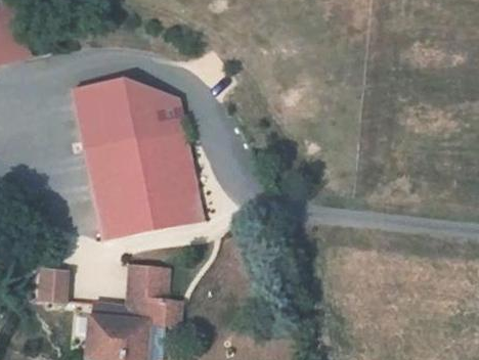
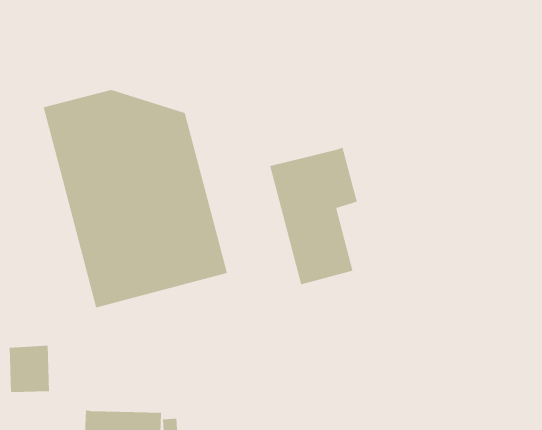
building: none -> [269,147,358,285]
building: [95,266,179,324] -> none

